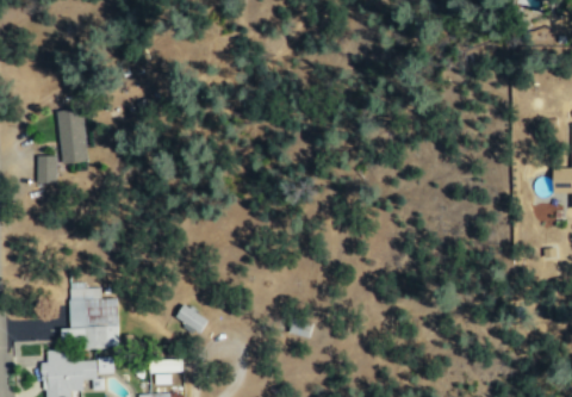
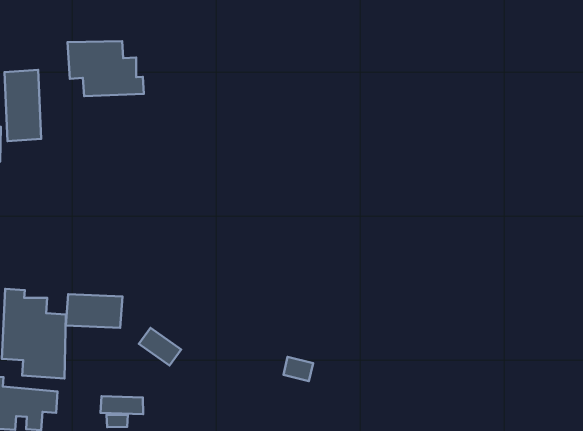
building: none -> [68,41,144,96]
building: none -> [66,294,122,328]

